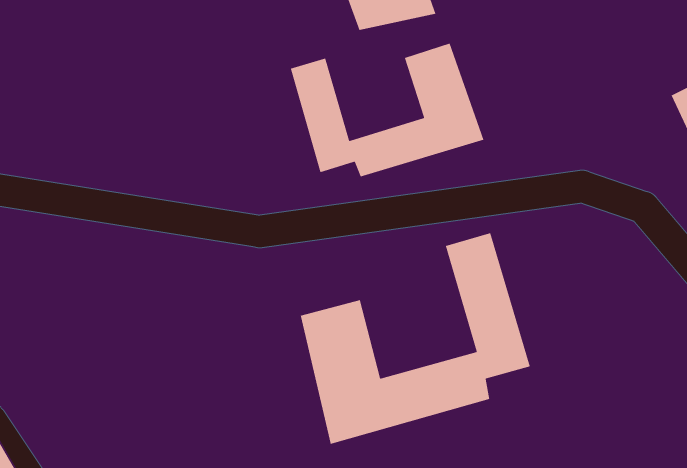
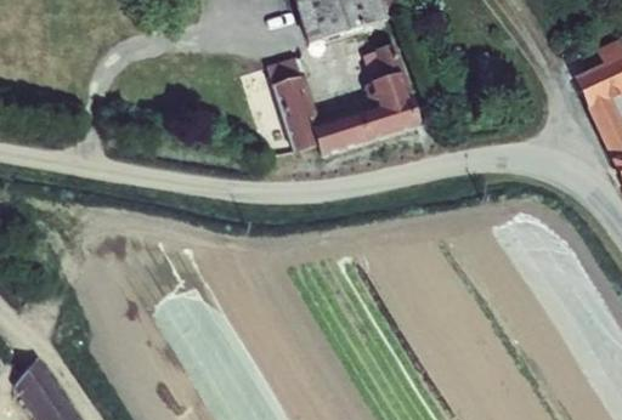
building: [300,232,531,445] -> none

